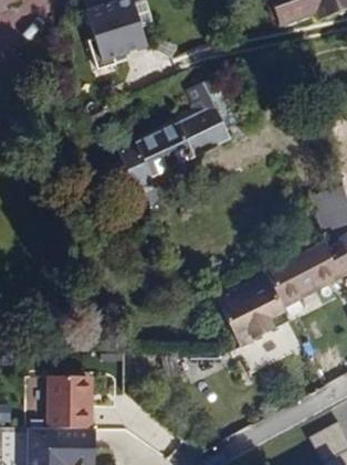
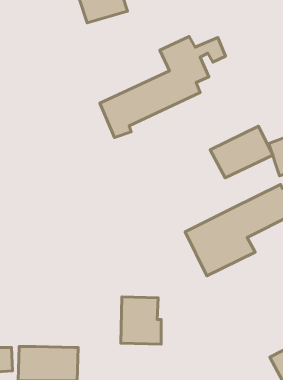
building: none -> [210,126,273,178]
building: [45,372,91,425] -> [121,297,161,344]

